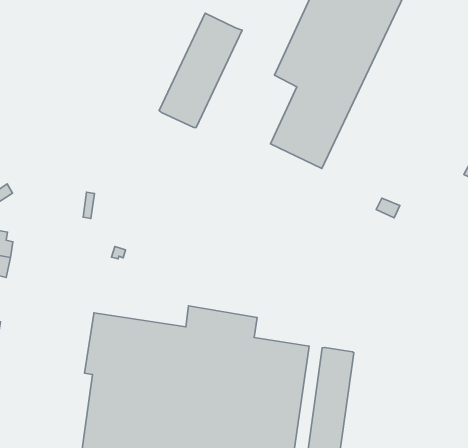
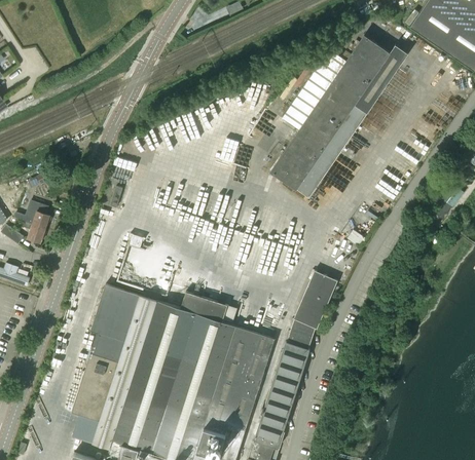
building: [159,13,242,128] -> none
building: none -> [287,270,337,349]

